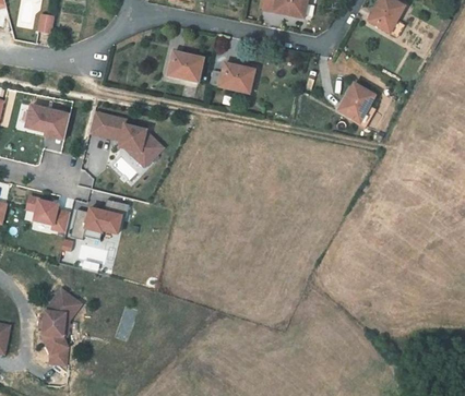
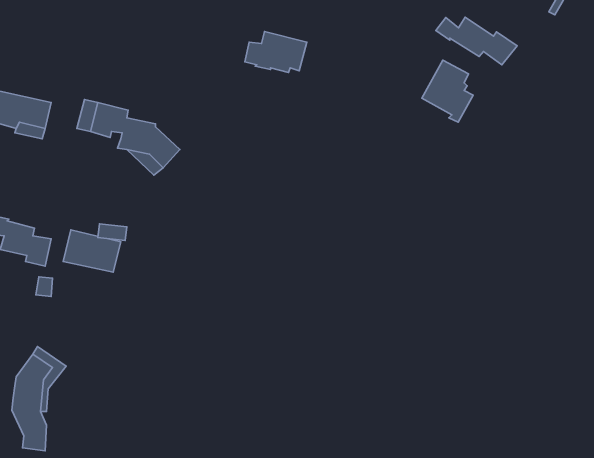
building: [167,51,202,81] -> none
building: none -> [436,17,517,65]

